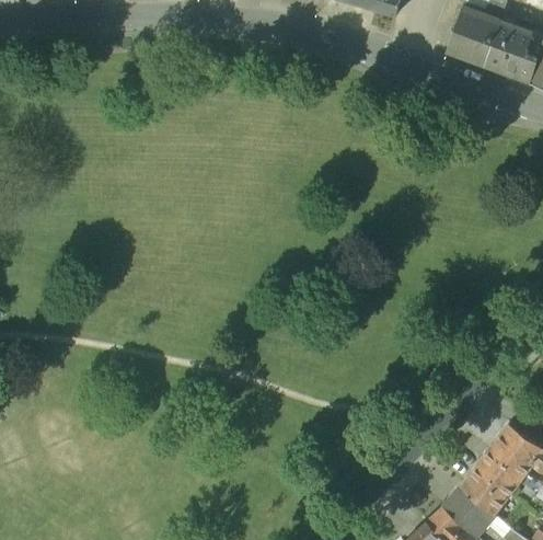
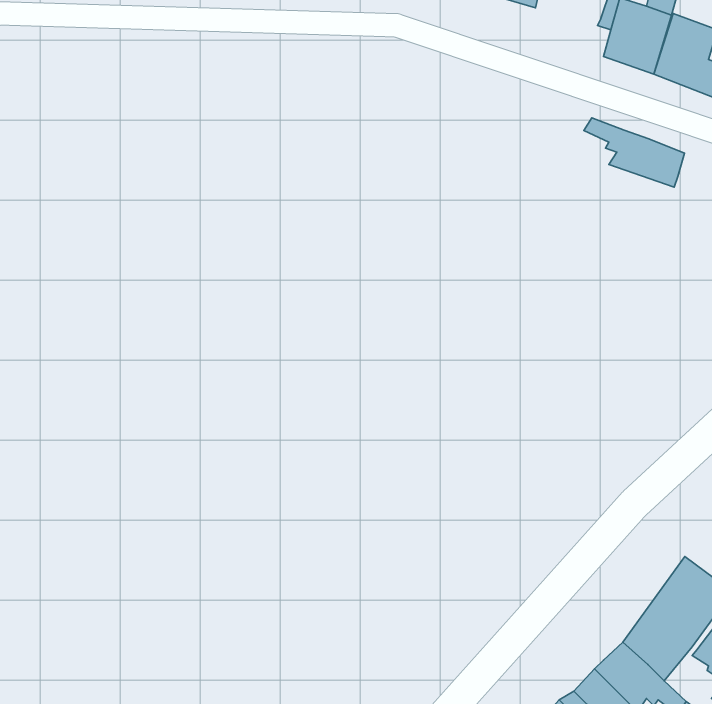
building: none -> [584,118,684,187]

